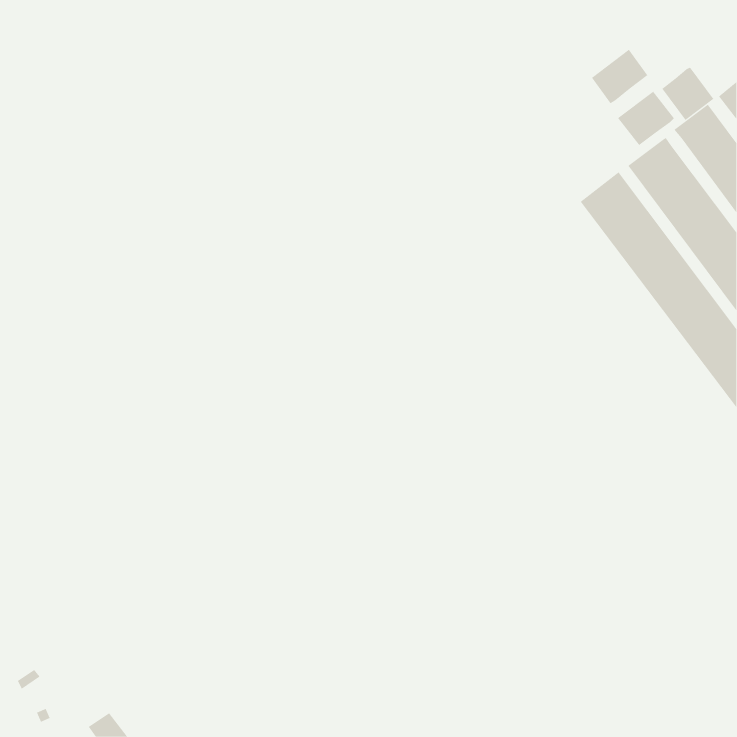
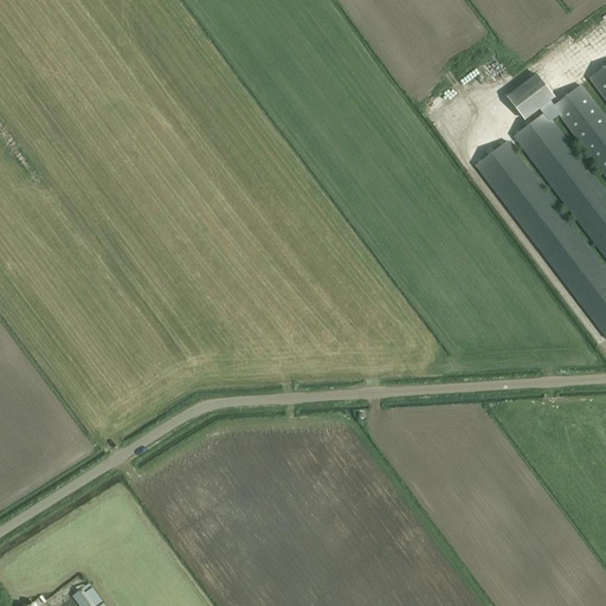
building: [591,49,648,104] -> none
building: [662,67,714,121] -> none

